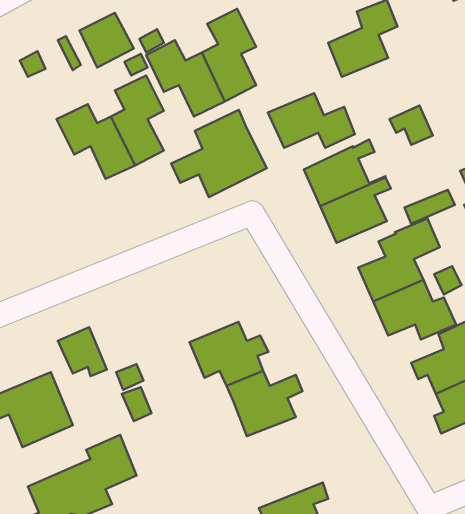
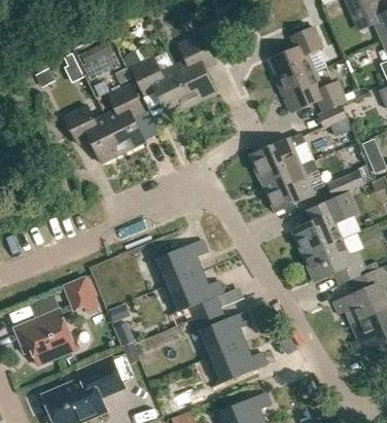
building: [268,93,355,148] -> [280,71,346,112]
building: [171,110,267,197] -> none
building: none -> [154,240,207,286]
building: none -> [208,343,267,384]

